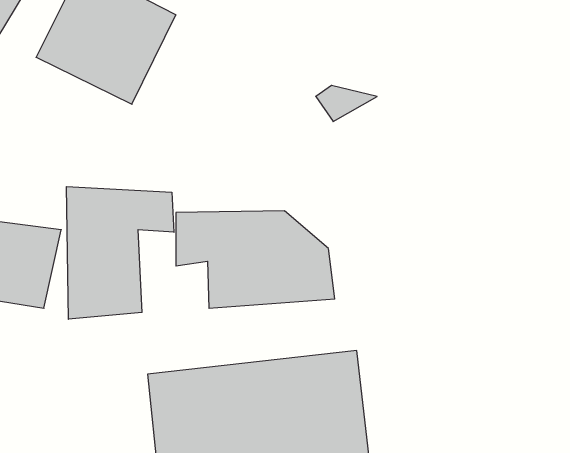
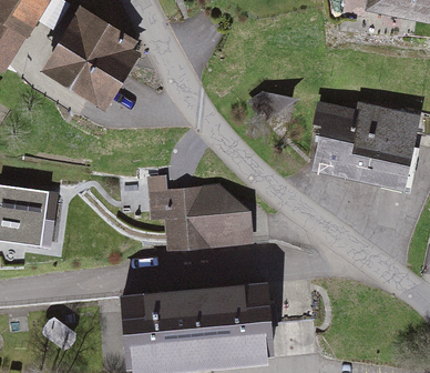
building: none -> [307,104,410,182]
building: [67,187,174,319] -> none

